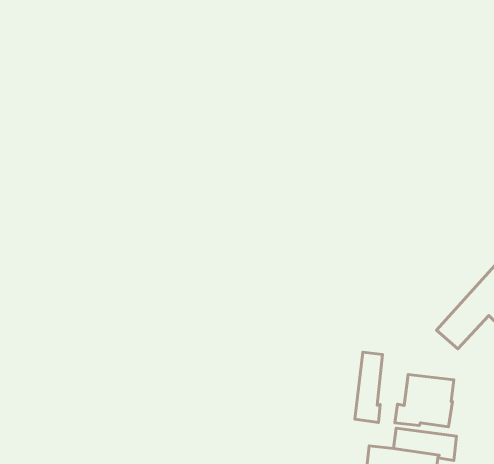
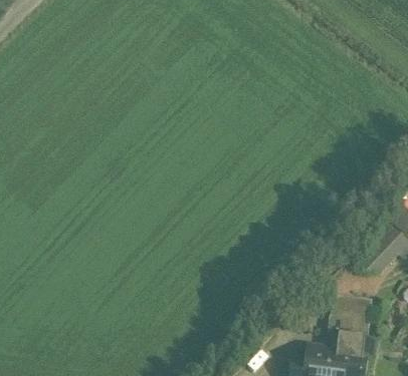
building: [355,352,383,422] -> none

